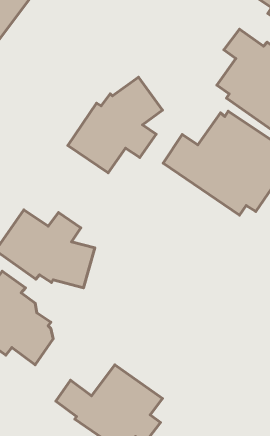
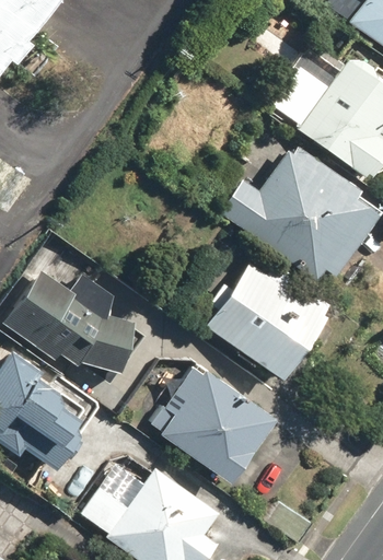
building: [68,77,162,173] -> none
building: none -> [208,255,329,377]
building: none -> [155,369,276,482]

